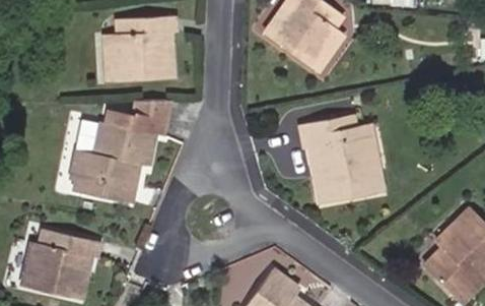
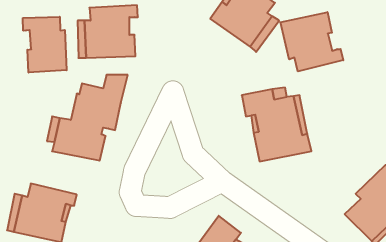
building: none -> [280,12,343,71]
building: none -> [23,17,67,73]

